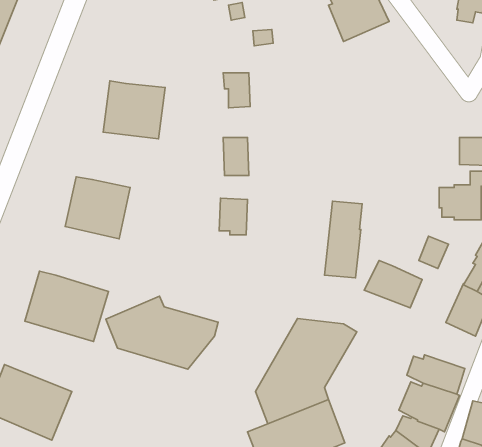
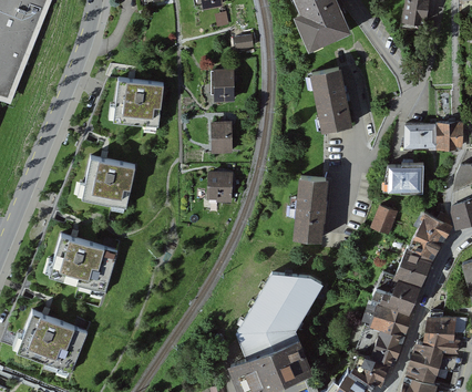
building: none -> [315,69,350,130]
building: [364,261,422,308] -> [371,271,419,310]
building: [106,296,218,369] -> none

